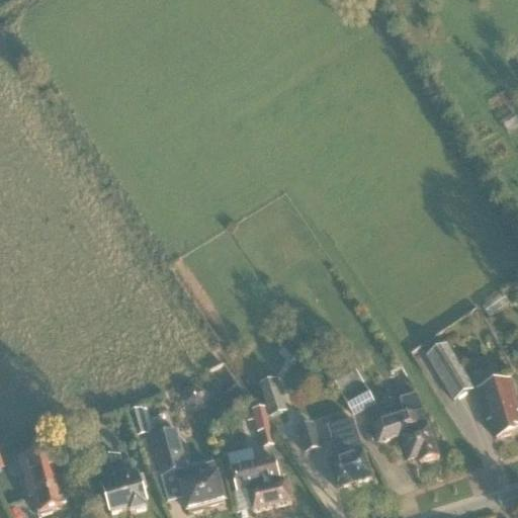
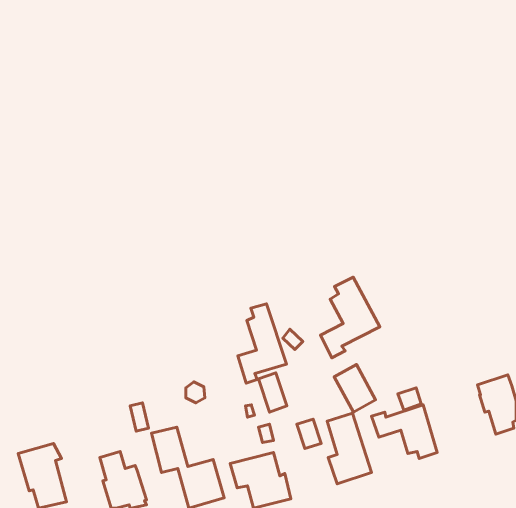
building: none -> [321,277,380,358]
building: none -> [238,304,287,383]
building: [427,339,473,397] -> none

